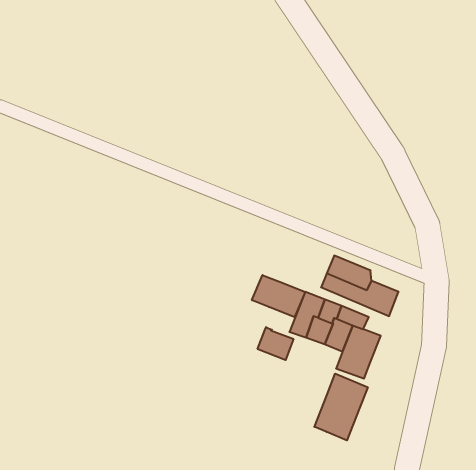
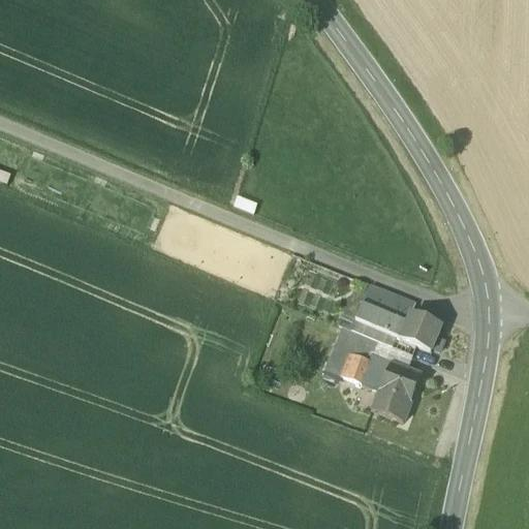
building: [252,275,305,317] -> none
building: [258,327,293,360] -> none
building: [314,374,368,440] -> none

